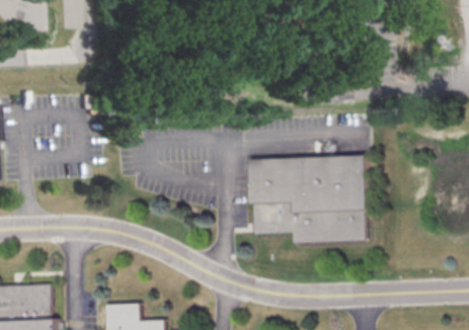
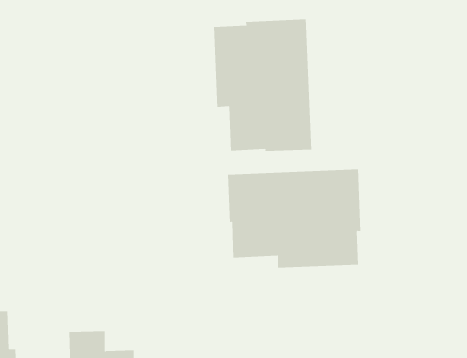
building: none -> [213,19,312,152]

